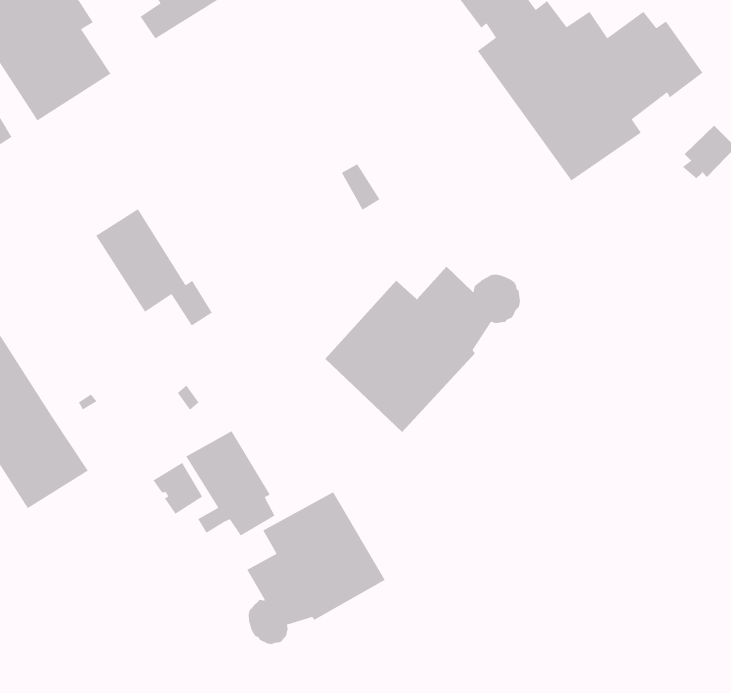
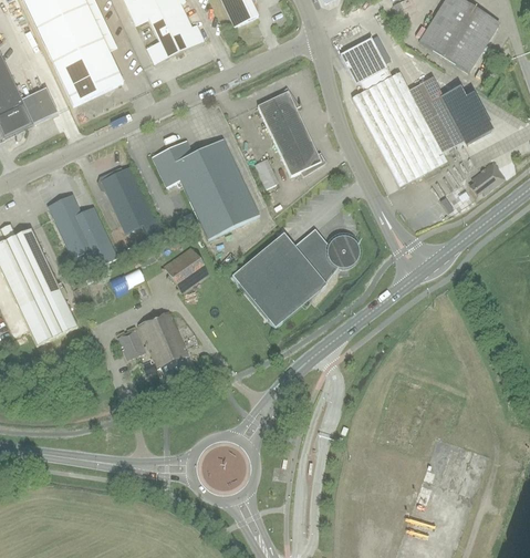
building: none -> [257,87,325,175]
building: none -> [152,137,259,238]
building: none -> [48,194,116,266]
building: none -> [162,245,208,291]
building: [246,491,386,645] -> none

